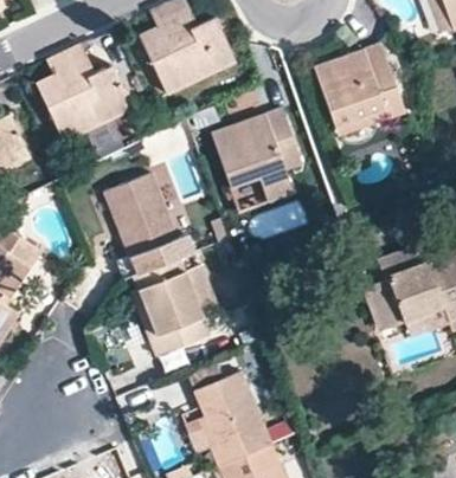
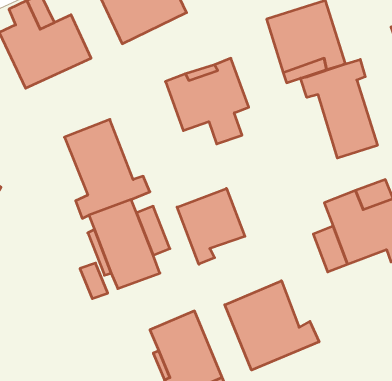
building: none -> [301,59,377,158]
building: none -> [177,188,245,264]
building: none -> [225,281,319,370]

